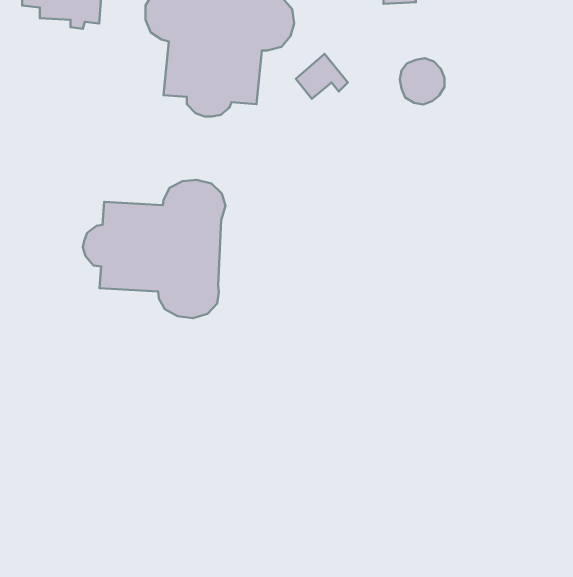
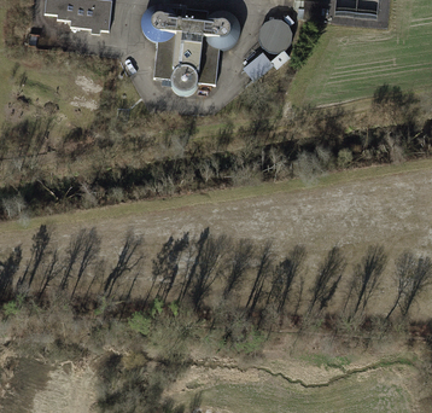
building: [400,58,445,105] -> [261,21,291,52]
building: [83,180,226,318] -> none

